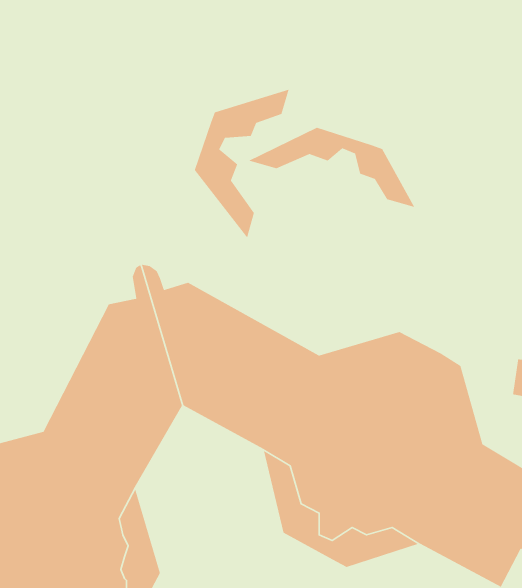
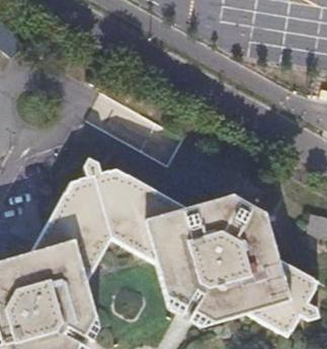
building: [194,88,290,239] -> none
building: [247,127,416,208] -> none

